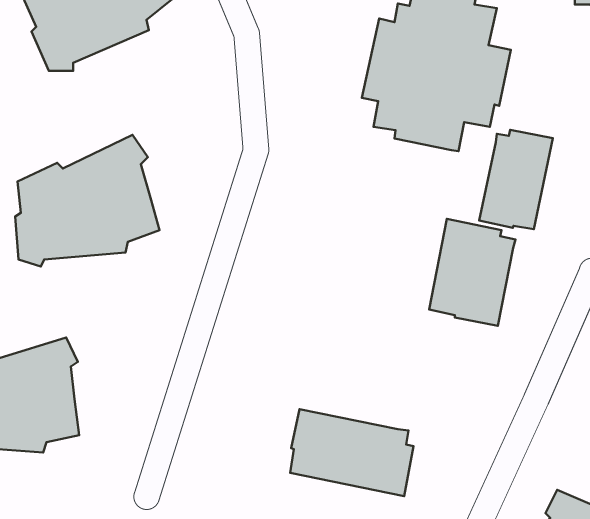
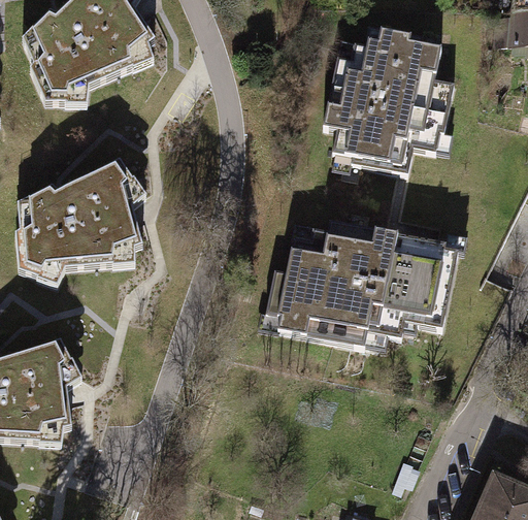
building: [479,130,553,229] -> none
building: none -> [265,220,404,348]
building: [290,409,414,496] -> none

